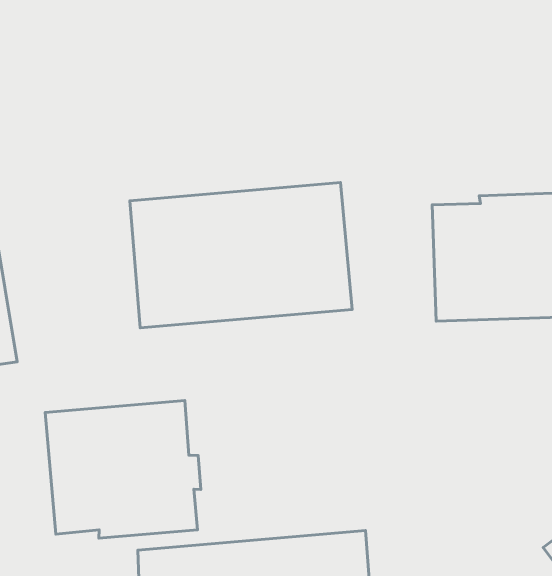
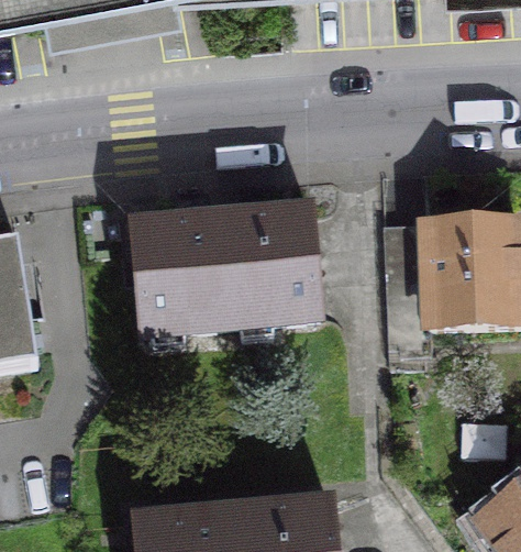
building: [45,401,201,538] -> none

